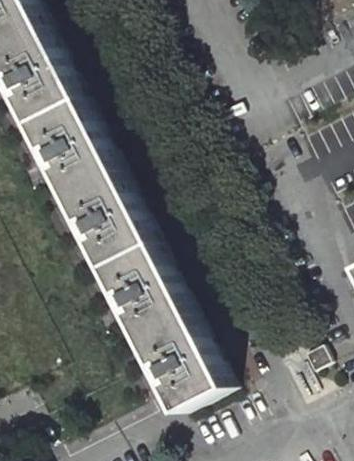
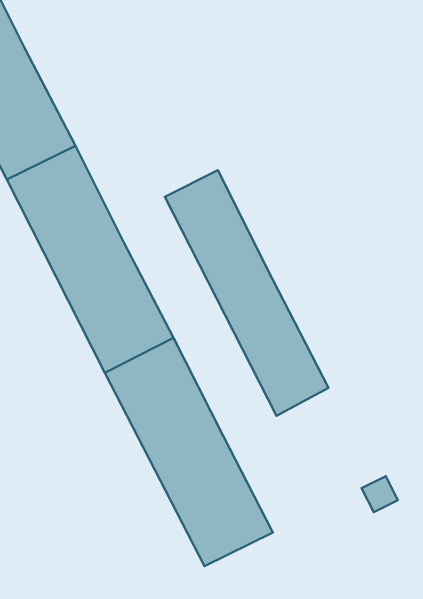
building: none -> [165,170,329,416]

